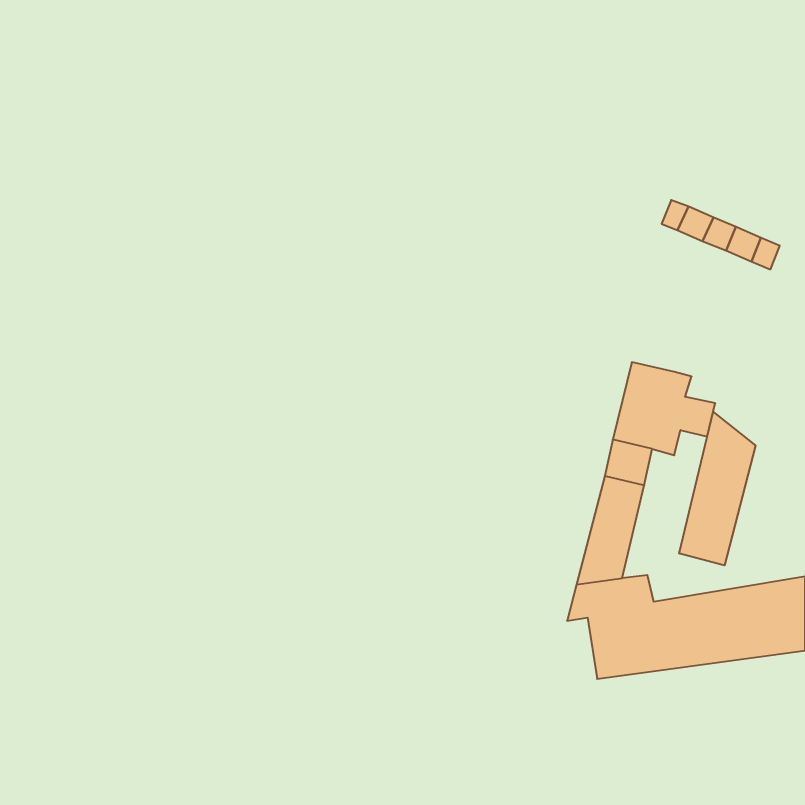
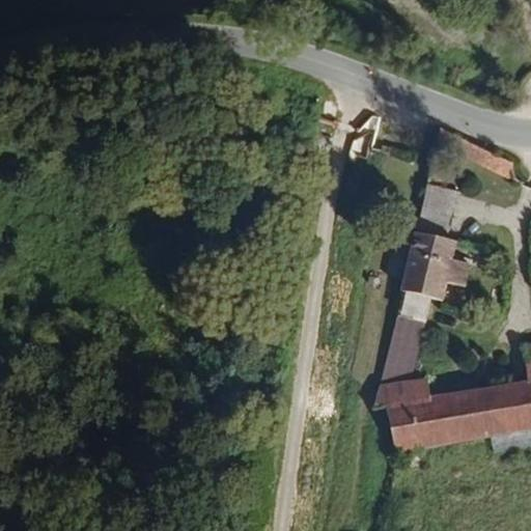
building: none -> [416,185,456,245]
building: [679,412,756,565] -> none

